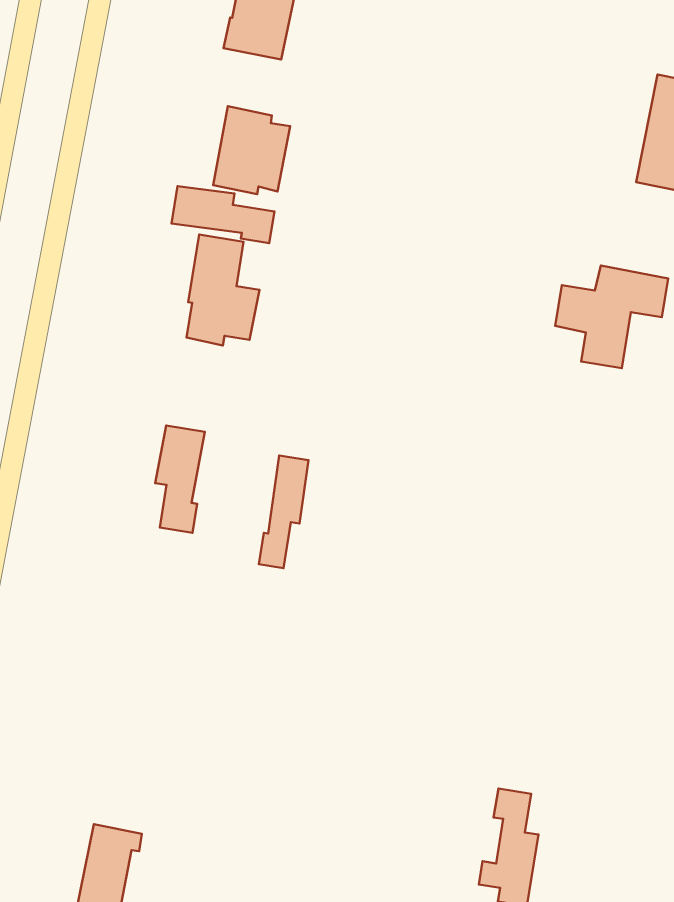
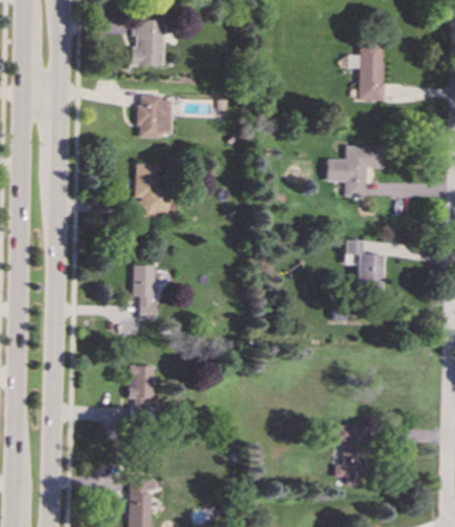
building: [171,186,274,243] -> none
building: none -> [344,239,383,288]
building: [259,456,308,568] -> none
building: none -> [130,364,152,413]

